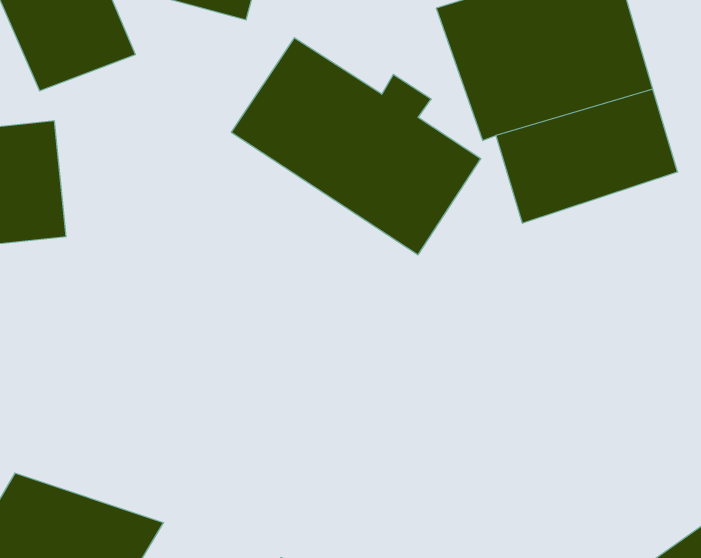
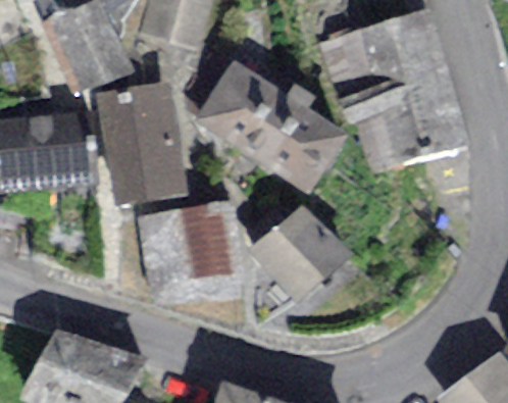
building: none -> [98,84,183,205]
building: none -> [137,201,243,288]
building: none -> [246,203,352,302]

